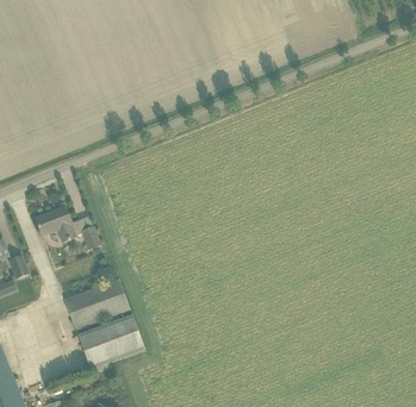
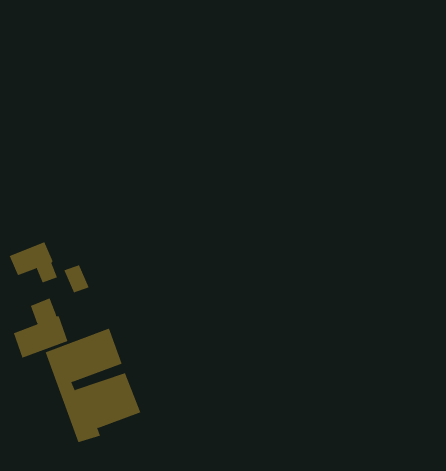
building: none -> [13,298,68,359]

